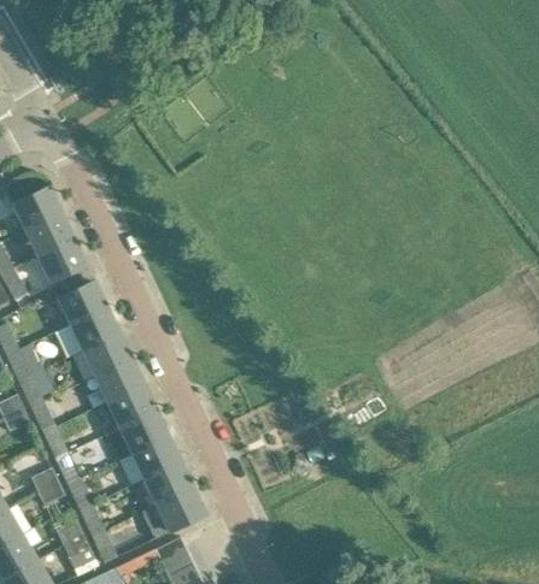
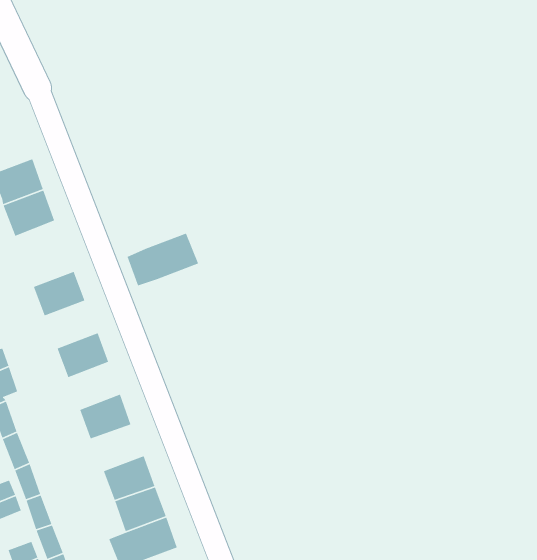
building: [39,238,86,288] -> none
building: [54,306,118,356] -> [126,233,199,286]
building: [95,358,142,401] -> none
building: [106,411,168,459] -> none

